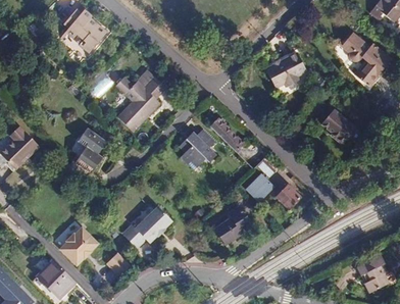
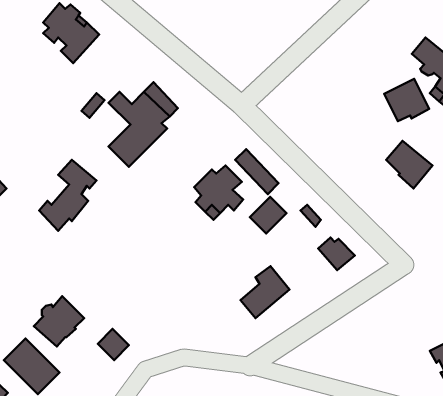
building: [265,57,299,89] -> [384,79,429,121]
building: [246,172,273,200] -> [250,197,286,234]
building: [121,208,171,250] -> none

